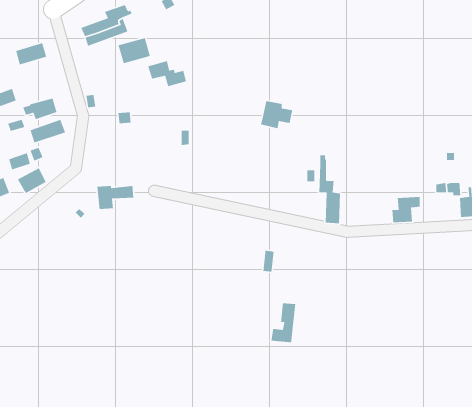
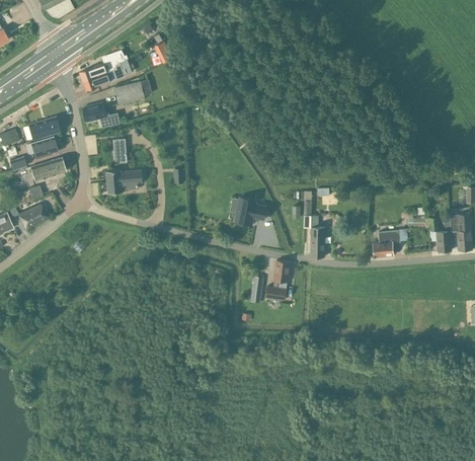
building: [15,42,47,66] -> [29,118,60,140]
building: [147,60,187,87] -> [83,103,121,129]
building: [260,100,293,129] -> [235,198,266,225]
building: [97,185,134,210] -> [107,170,143,194]
building: [271,302,296,343] -> [265,261,290,300]

